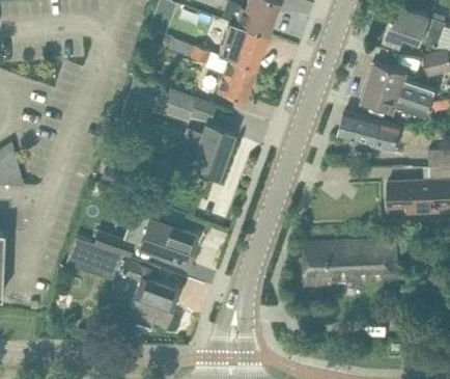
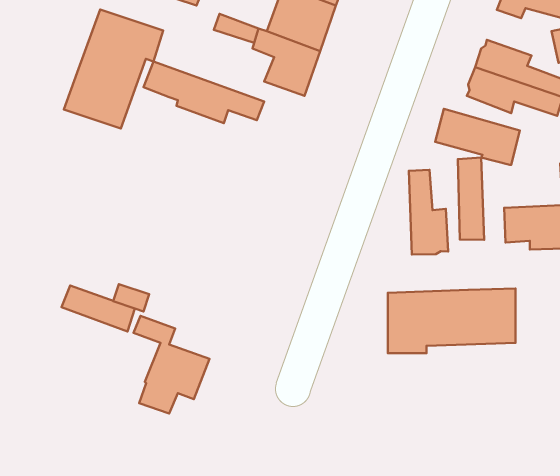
building: none -> [64,10,163,129]
building: [177,127,231,179] -> none
building: none -> [458,158,484,240]
building: none -> [409,170,448,255]
building: [137,215,195,265] -> none

